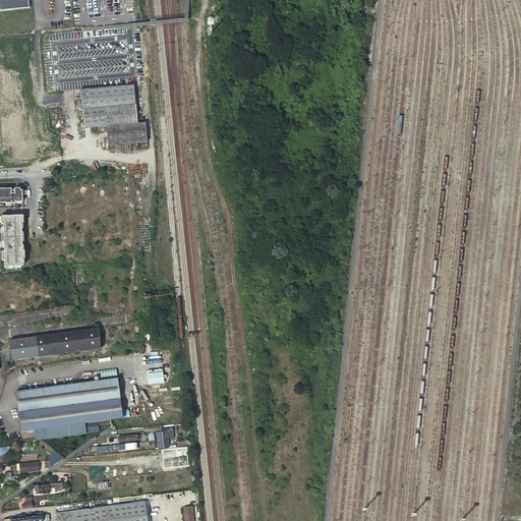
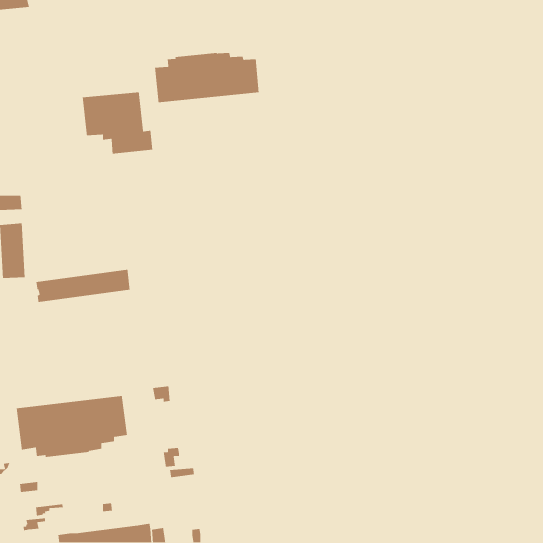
building: none -> [154,52,260,103]
building: [9,327,100,359] -> [36,269,130,303]

